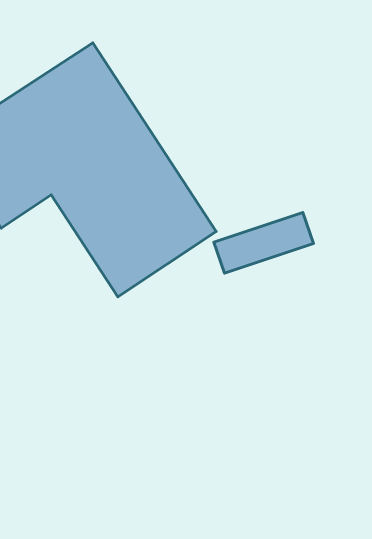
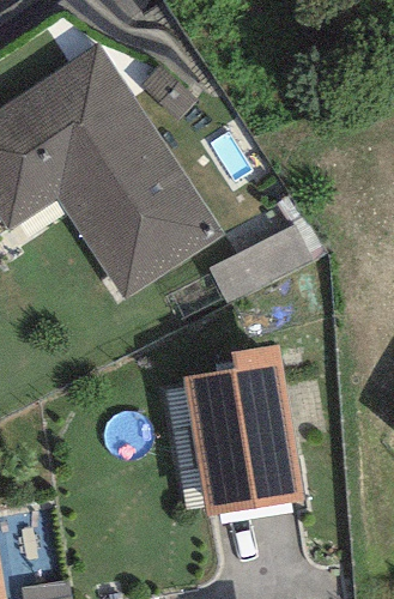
building: none -> [183,346,303,516]

